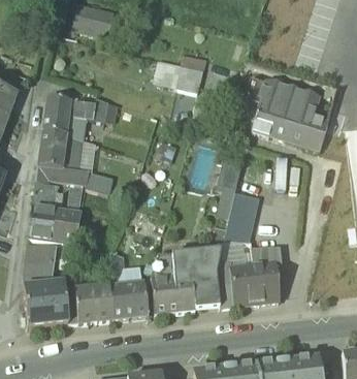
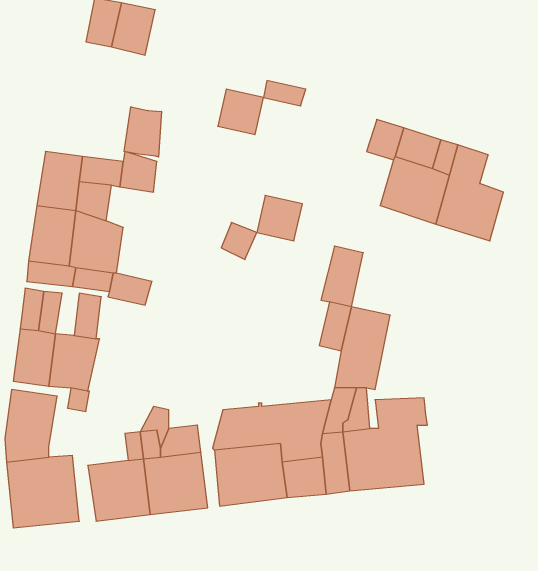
building: [176,63,204,91] -> [257,195,302,241]
building: none -> [124,107,161,157]

